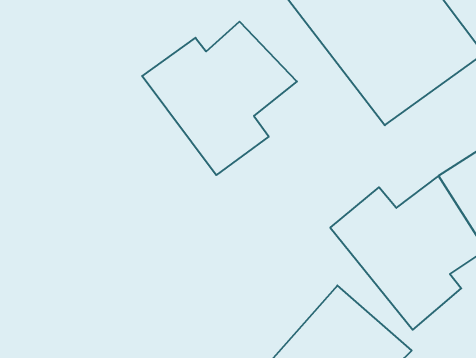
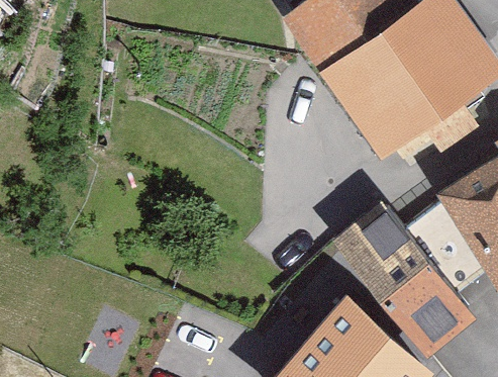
building: [142,22,297,175] -> none

